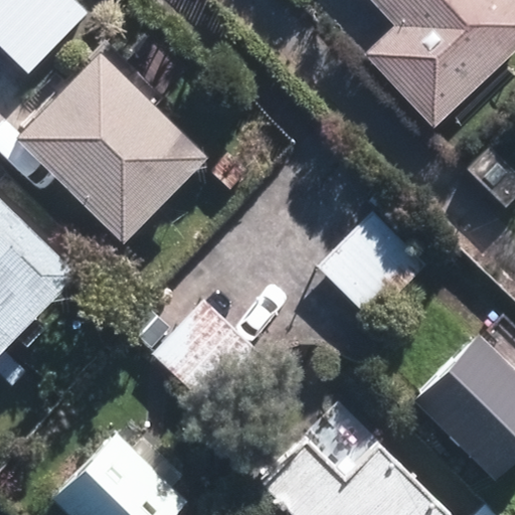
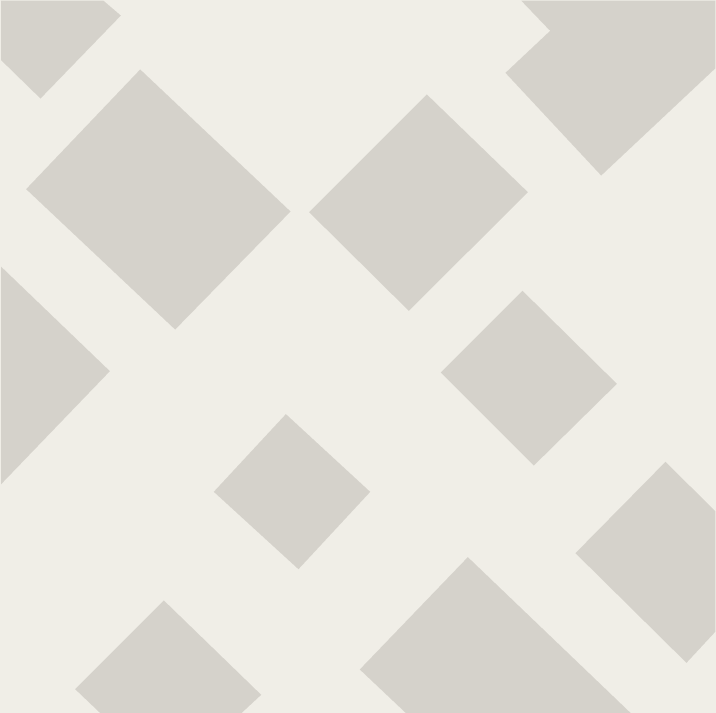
building: none -> [308,93,529,312]

